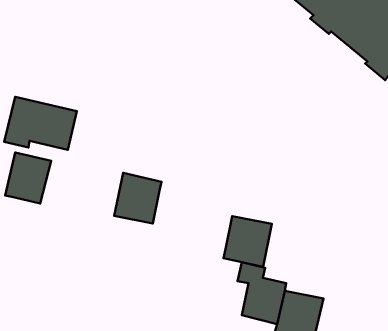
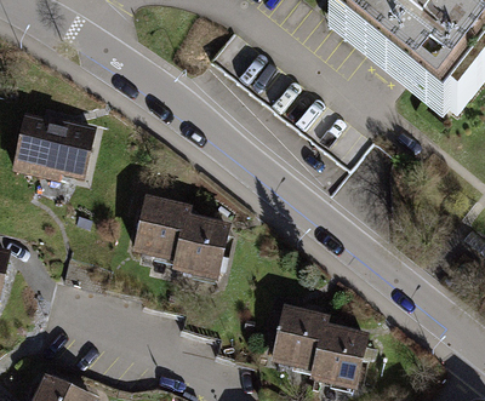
building: [5,152,51,203] -> none
building: [223,216,272,267] -> [175,220,228,276]

